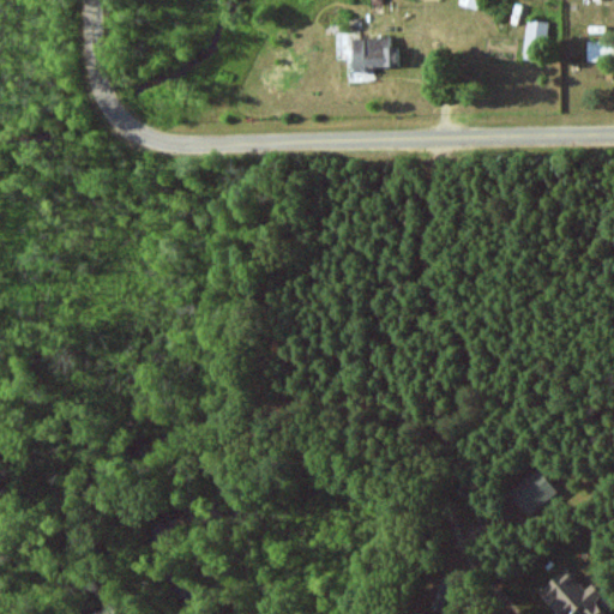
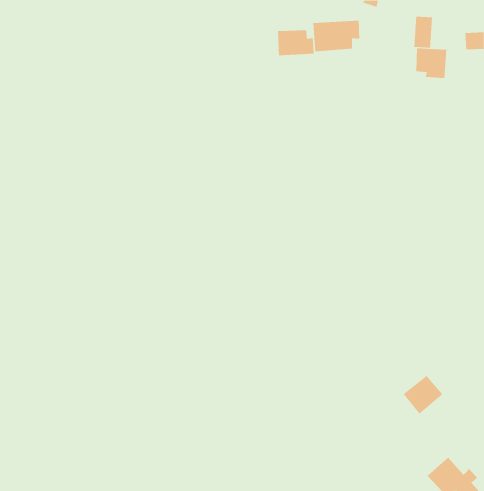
building: none -> [313,20,360,52]
building: none -> [416,48,447,79]

